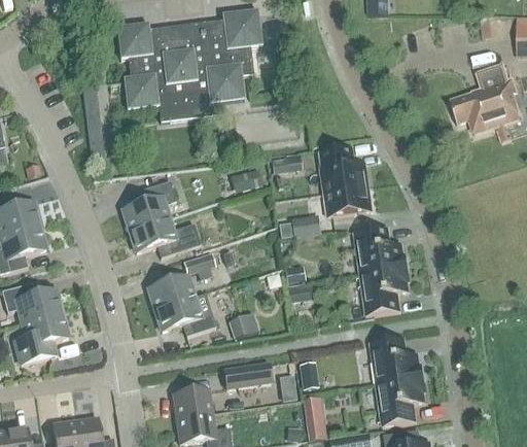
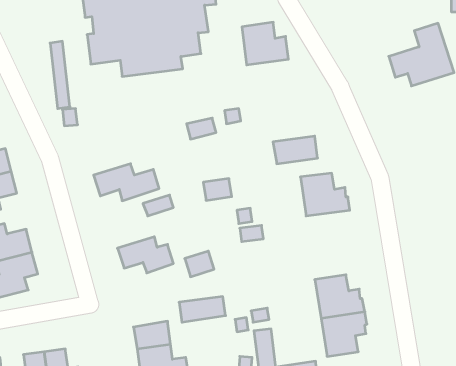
building: [318,147,368,194] -> [242,22,288,65]
building: [121,180,176,230] -> none
building: [290,214,321,238] -> [203,179,232,200]
building: [359,268,409,316] -> none
building: [147,274,195,309] -> none

